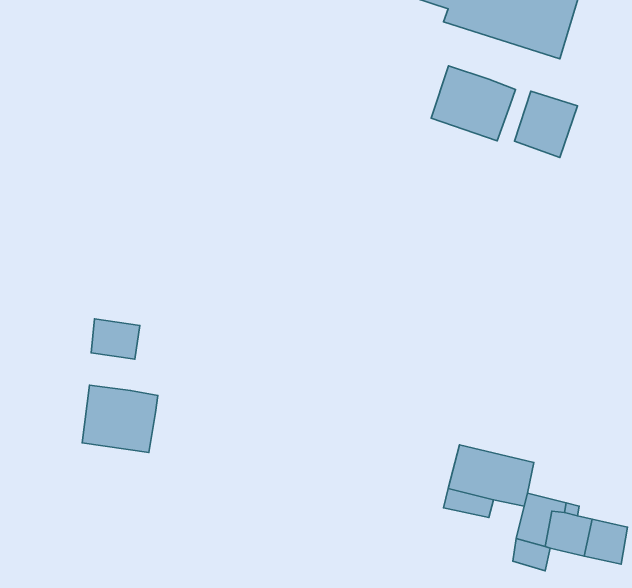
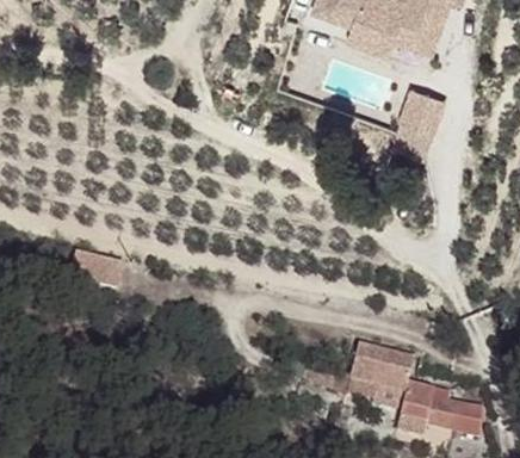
building: [431,66,516,141] -> none
building: [82,385,158,452] -> none

